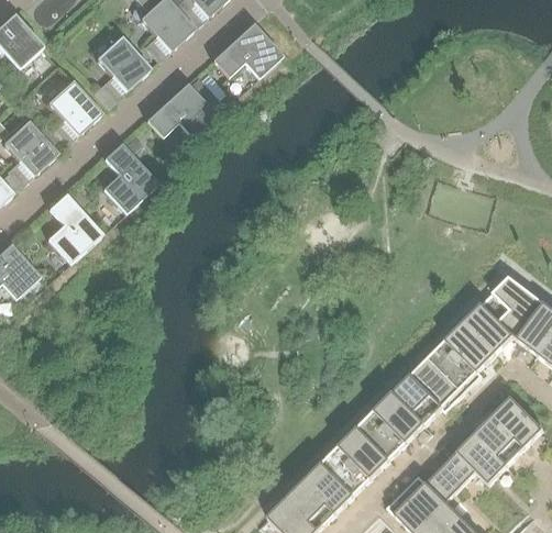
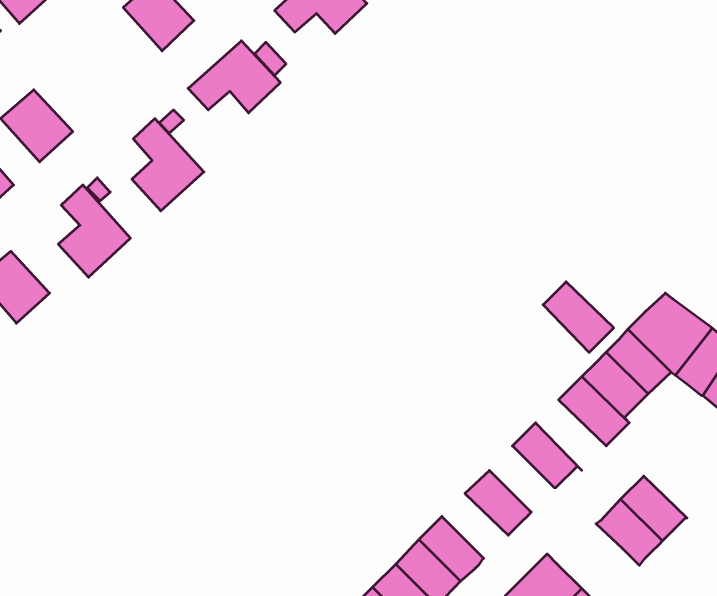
building: [47,80,102,135] -> none
building: [411,357,465,411] -> [543,282,614,352]
building: [376,392,426,443] -> none
building: [494,397,544,447] -> none
building: [340,429,390,478] -> none
building: [428,452,477,501] -> none

